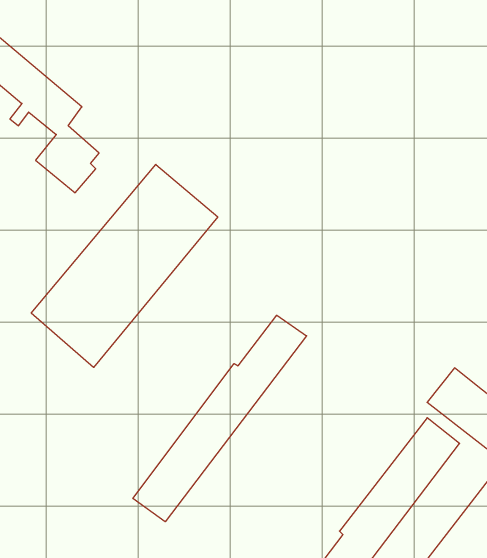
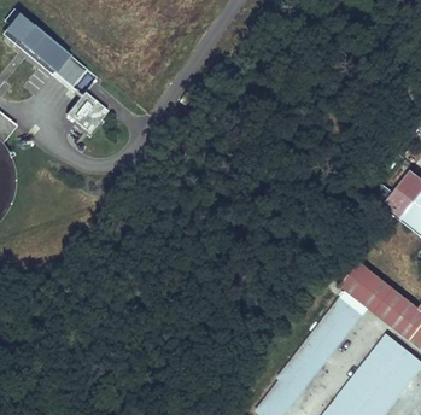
building: [31,164,218,367] -> none
building: [133,315,307,522] -> none

